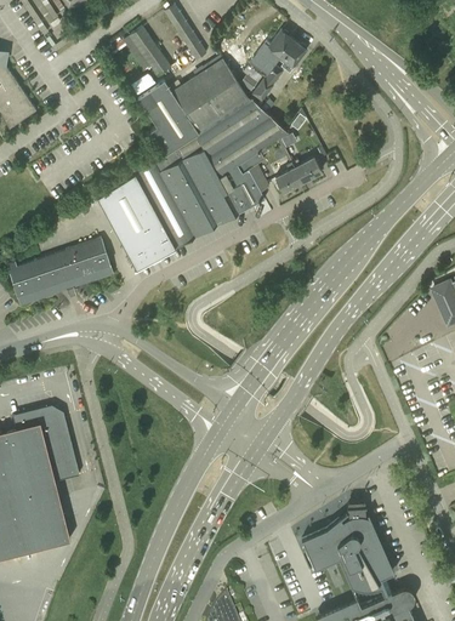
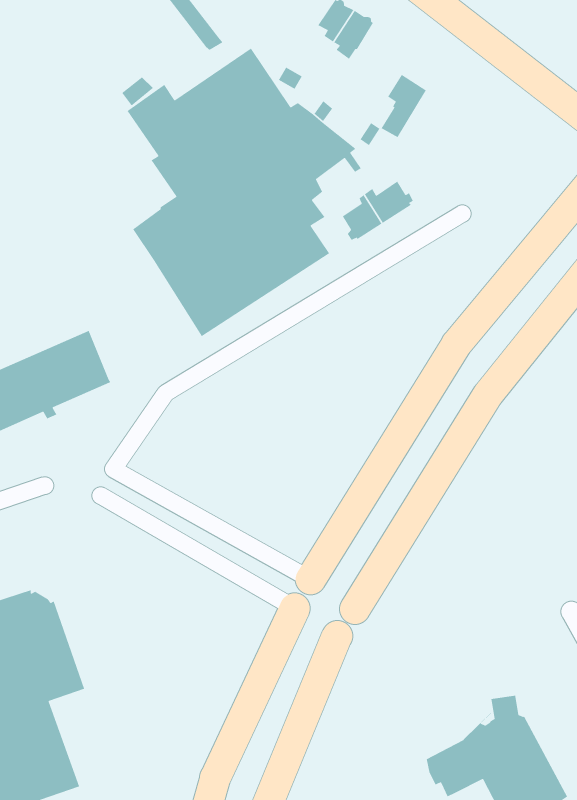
building: [123,29,170,76] -> none
building: [250,59,283,102] -> [380,74,427,138]
building: [96,175,175,272] -> none

